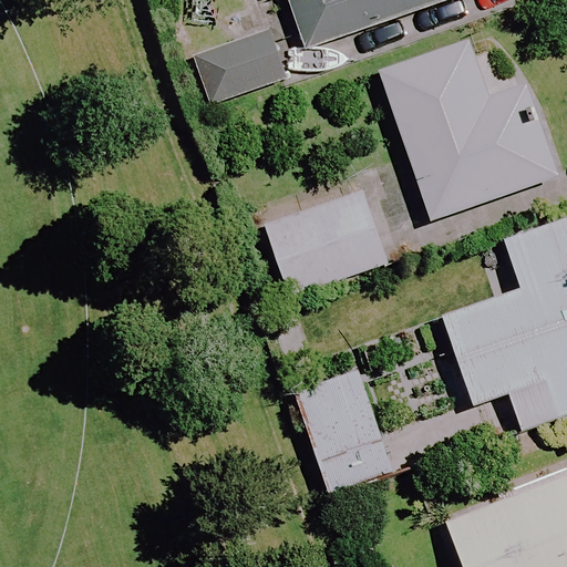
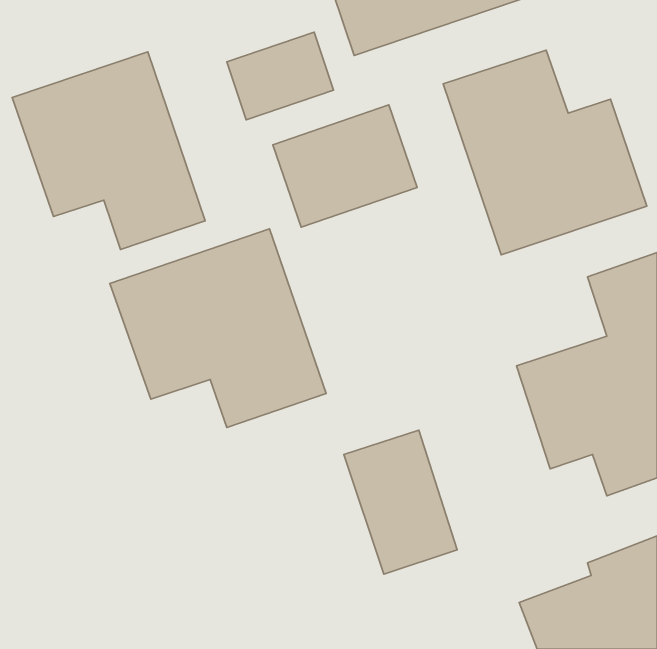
building: none -> [12,52,205,249]
building: [266,189,390,295] -> [273,105,417,227]
building: none -> [110,229,326,428]

